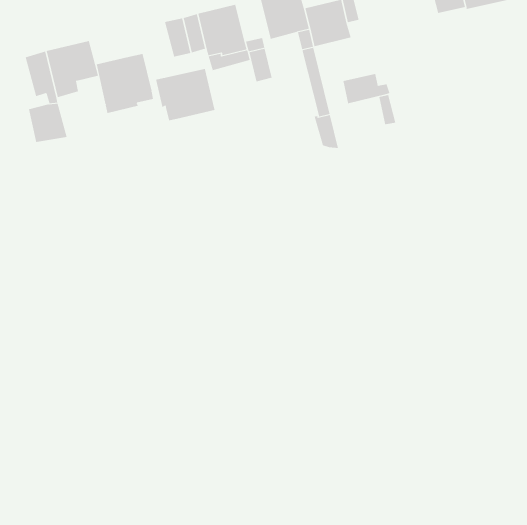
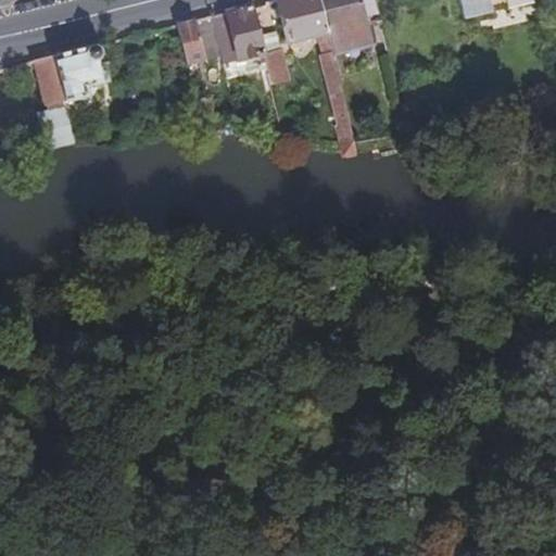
building: [96,53,154,114] -> none
building: [156,68,215,121] -> none
building: [343,73,390,104] -> none

